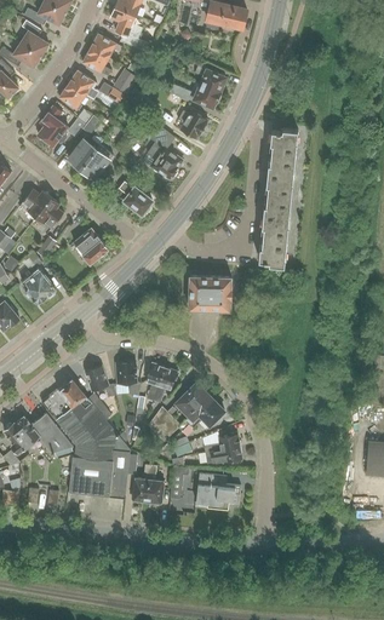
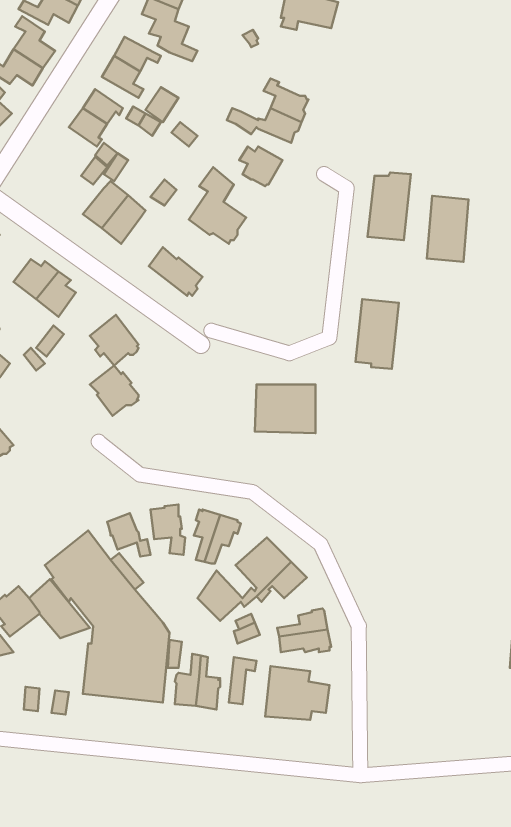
building: [38,105,69,145] -> none
building: [264,173,293,219] -> [427,196,469,262]
building: [22,269,56,304] -> [90,365,138,416]

